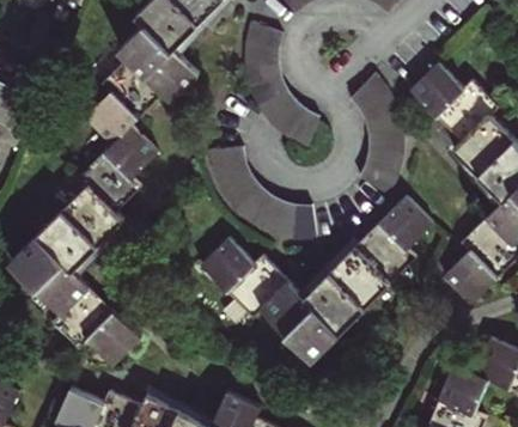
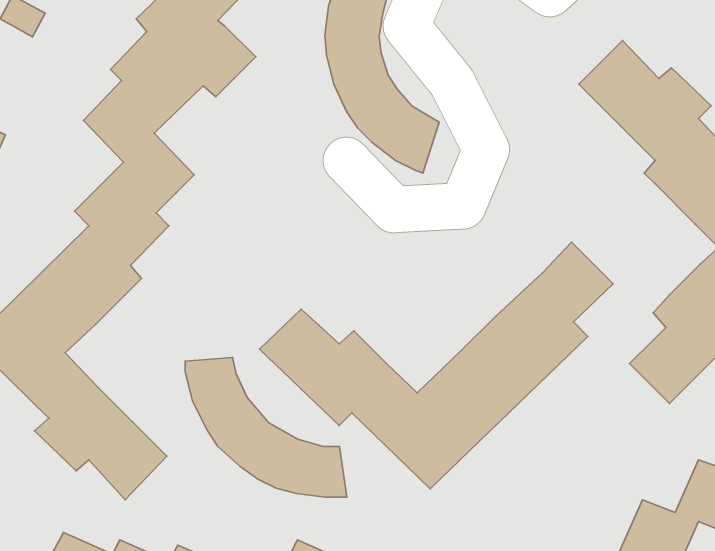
building: [354,72,406,196] -> none
building: [209,148,316,240] -> [185,357,347,497]

